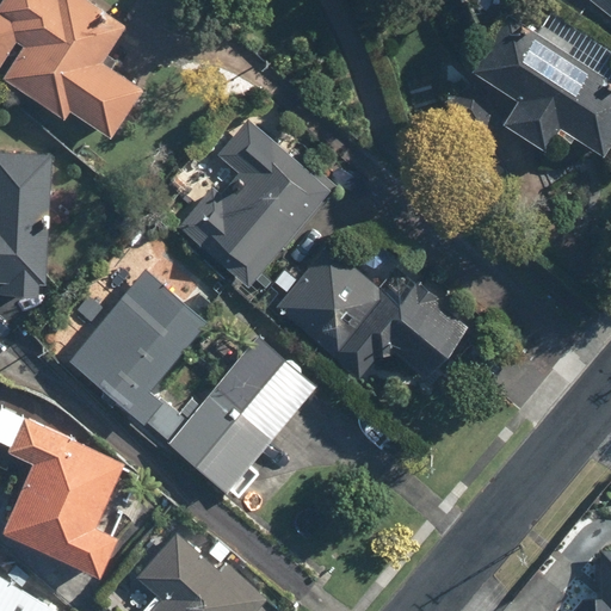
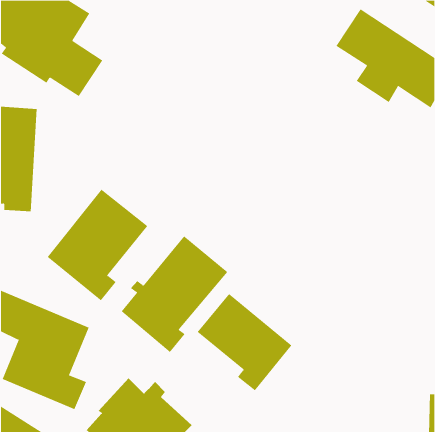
building: [159,115,328,286] -> none
building: [277,241,469,383] -> none
building: none -> [197,293,292,391]

